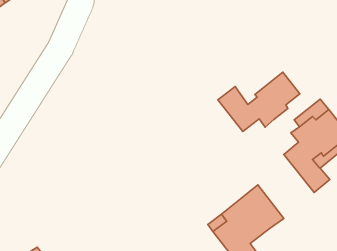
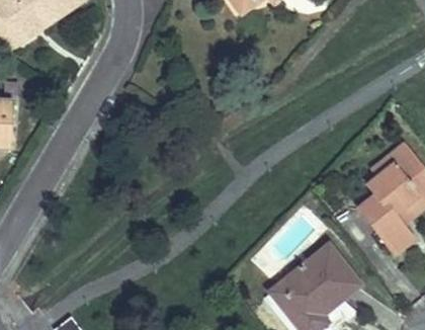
building: [218,72,300,131] -> none

